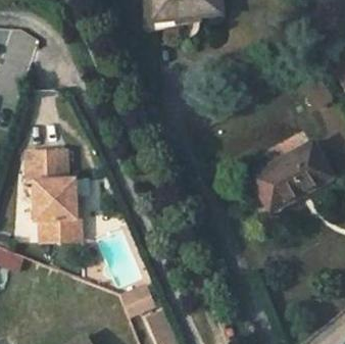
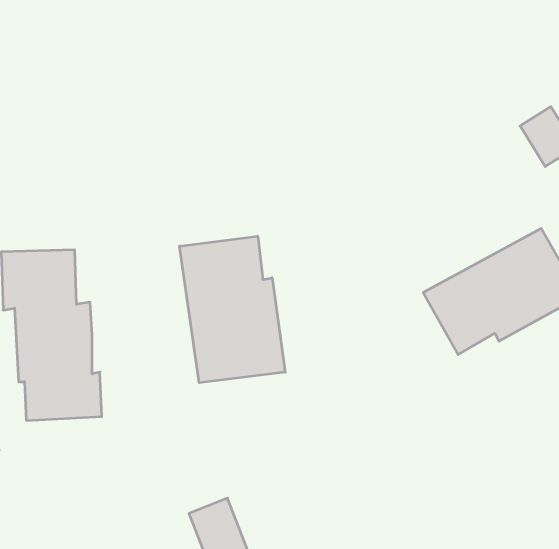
building: none -> [180,236,285,383]

